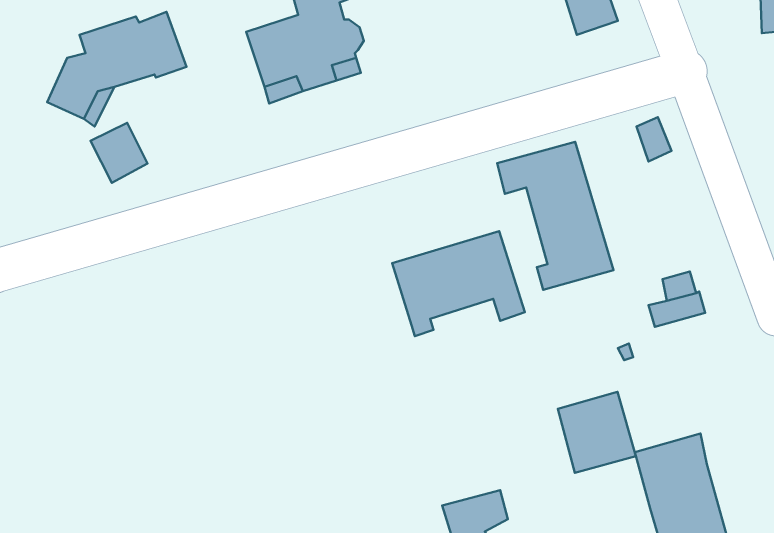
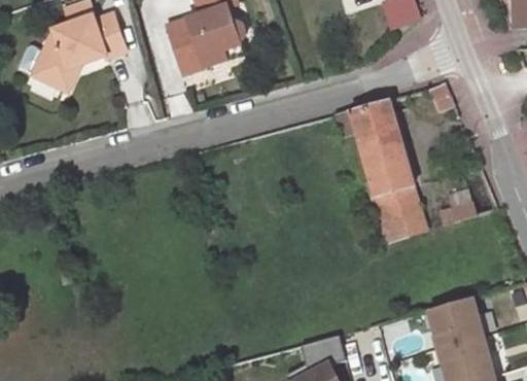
building: [90,123,148,183] -> none
building: [392,231,525,336] -> none
building: [558,392,636,473] -> [375,186,427,241]

